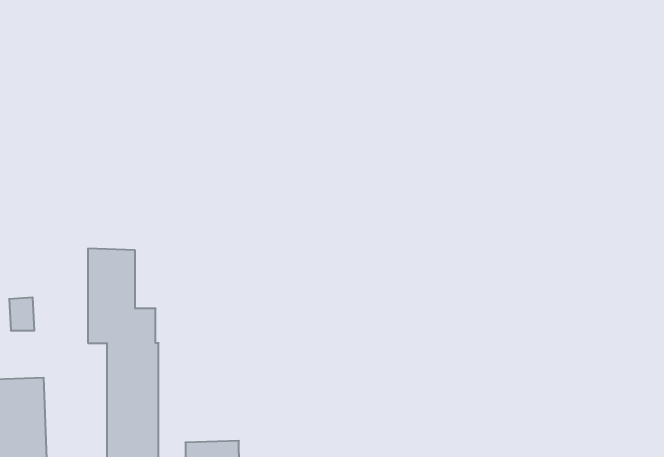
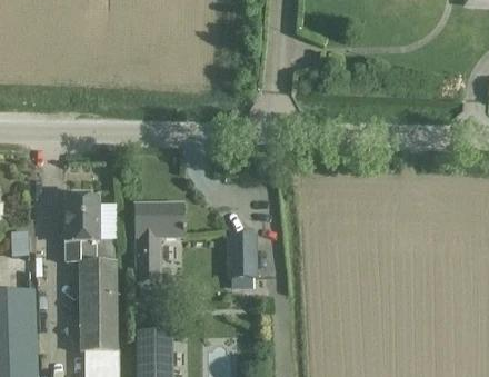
building: none -> [133,202,183,280]
building: none -> [228,232,266,297]

